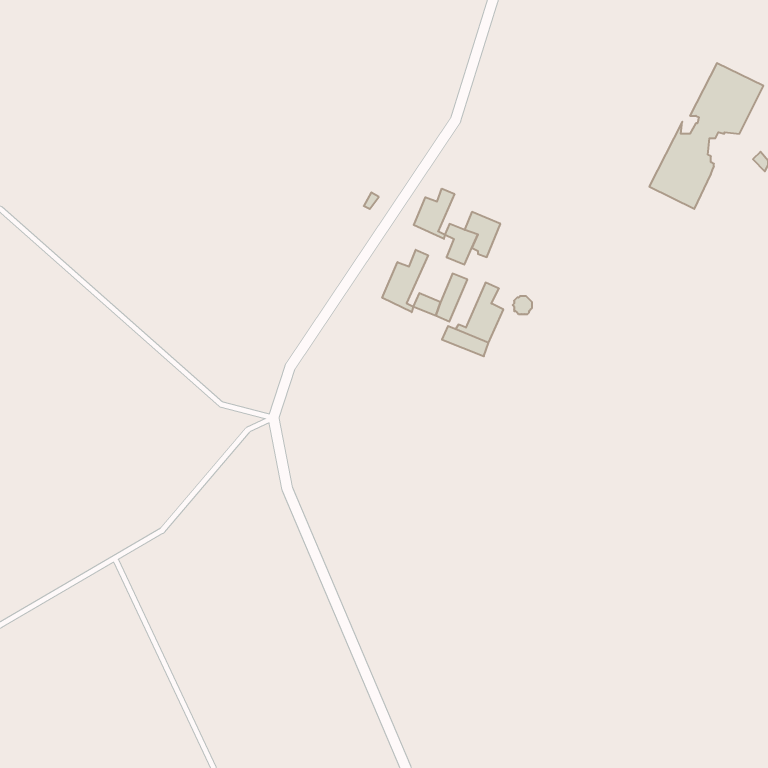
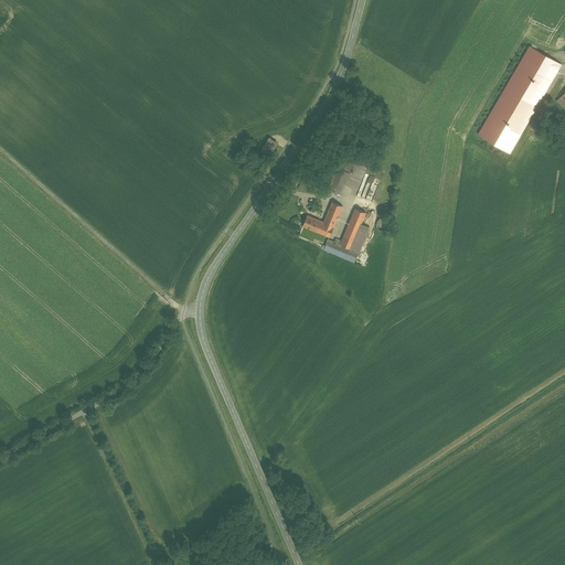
building: [414,189,454,239] -> none
building: [382,250,428,312] -> none

